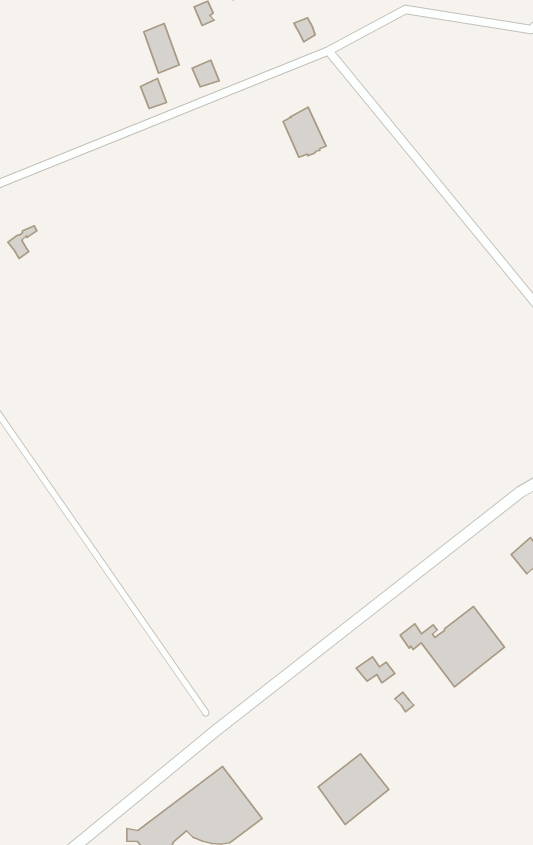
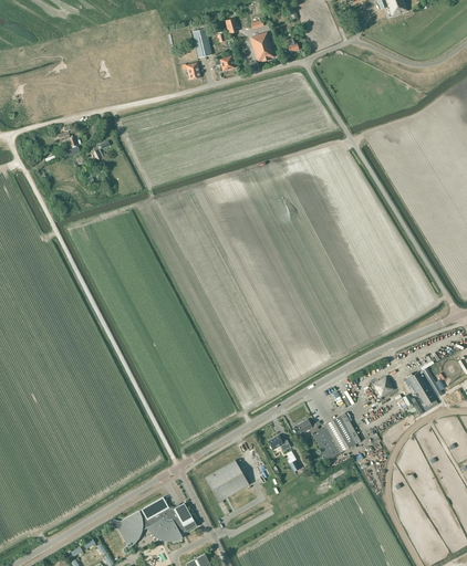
building: [283,107,326,157] -> [249,32,273,62]
building: [318,754,389,825] -> [205,460,248,502]

